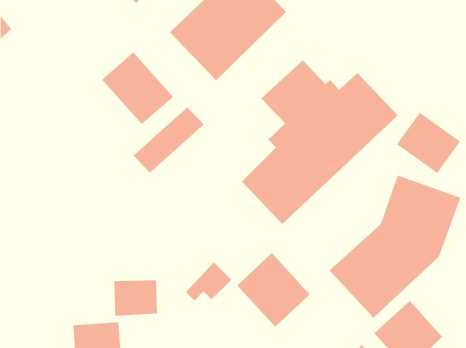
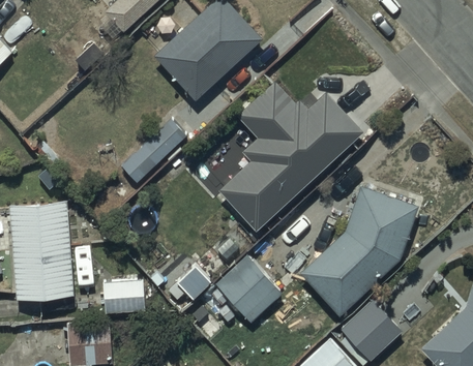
building: [101,52,174,125] -> none
building: [396,112,461,174] -> none
building: none -> [9,202,73,299]

